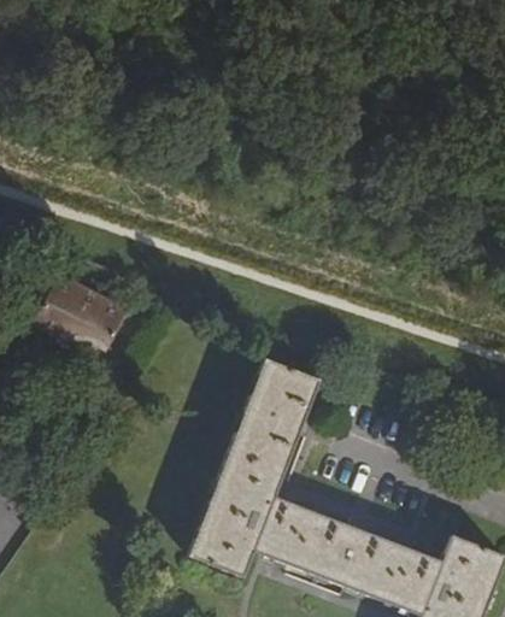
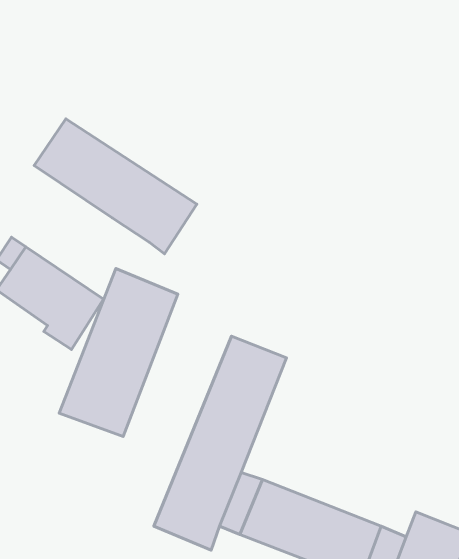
building: none -> [34,119,197,254]
building: none -> [59,269,178,437]

